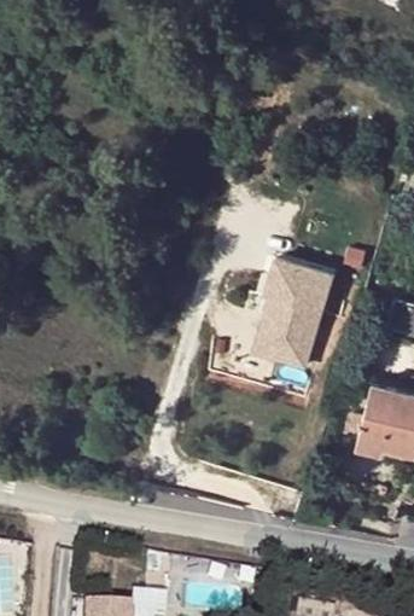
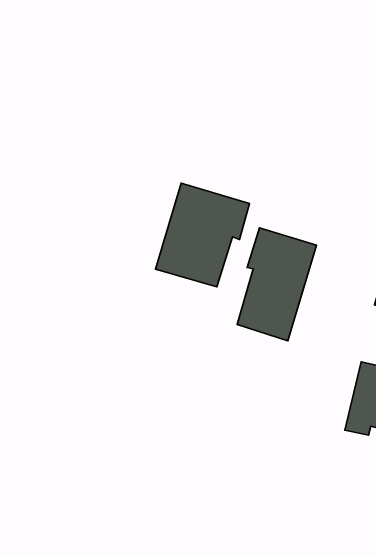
building: none -> [155,183,250,287]

